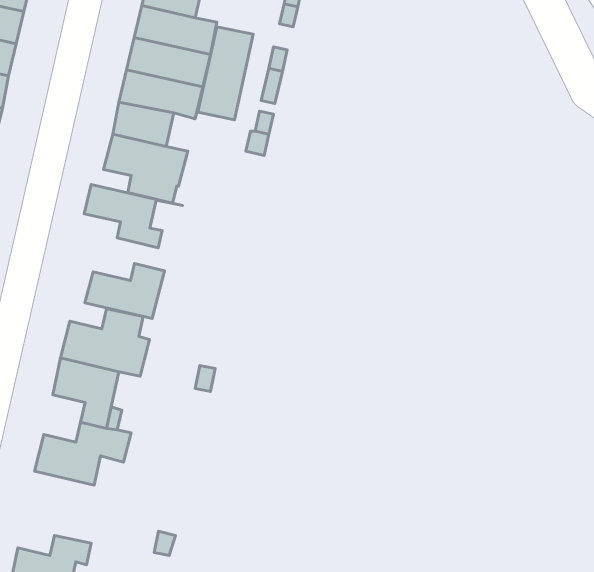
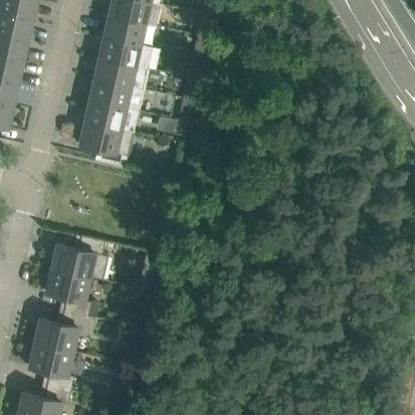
building: [198,27,253,120] -> none
building: [84,185,182,248] -> none
building: [85,264,165,319] -> none
building: none -> [28,342,73,389]

